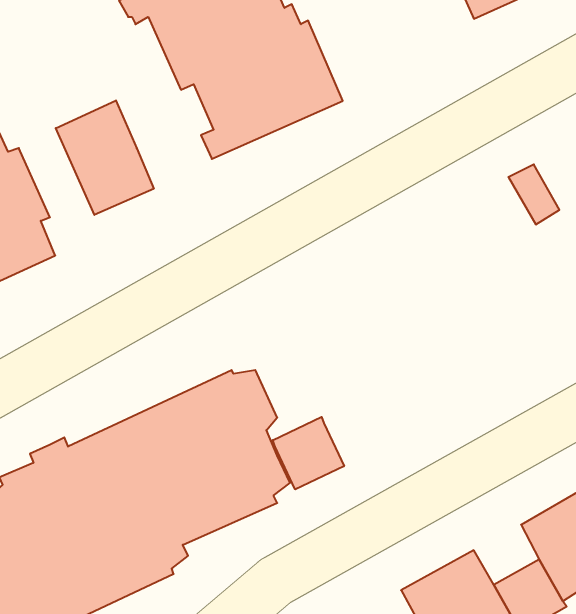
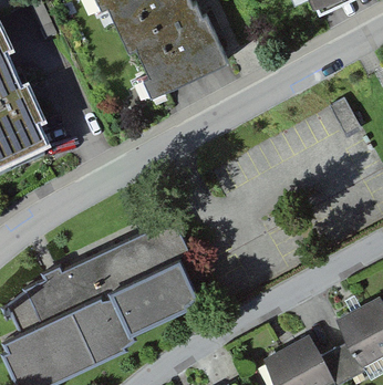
building: [56,100,154,215] -> none
building: [273,417,344,489] -> none

